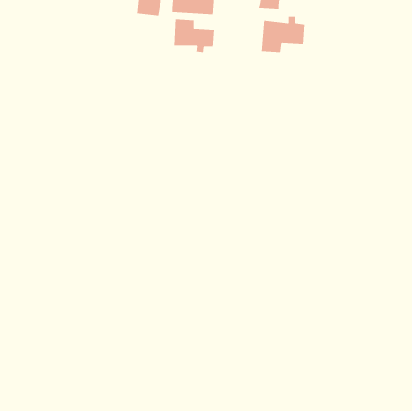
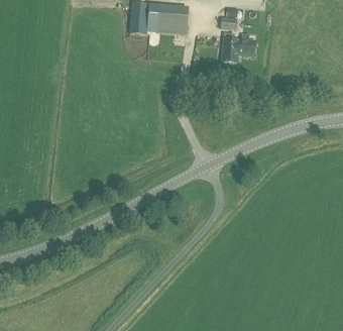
building: [174,19,214,53] -> none

